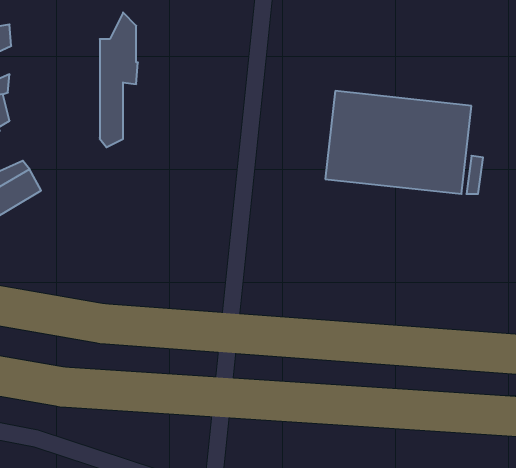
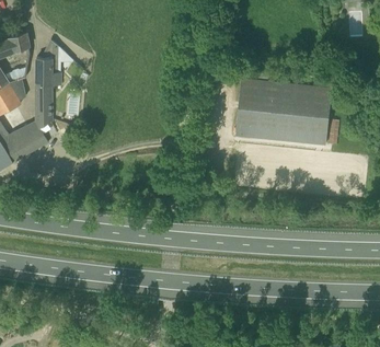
building: [100,12,138,147] -> [36,39,61,128]

